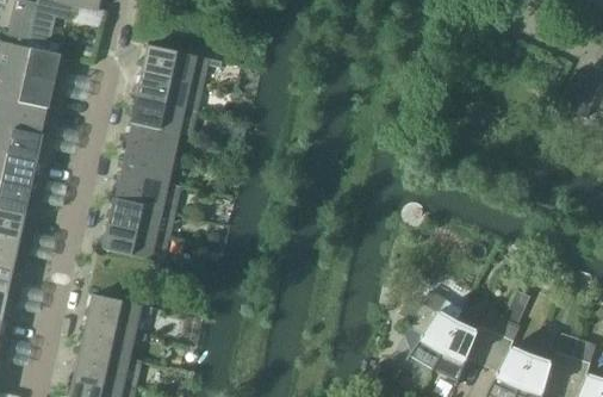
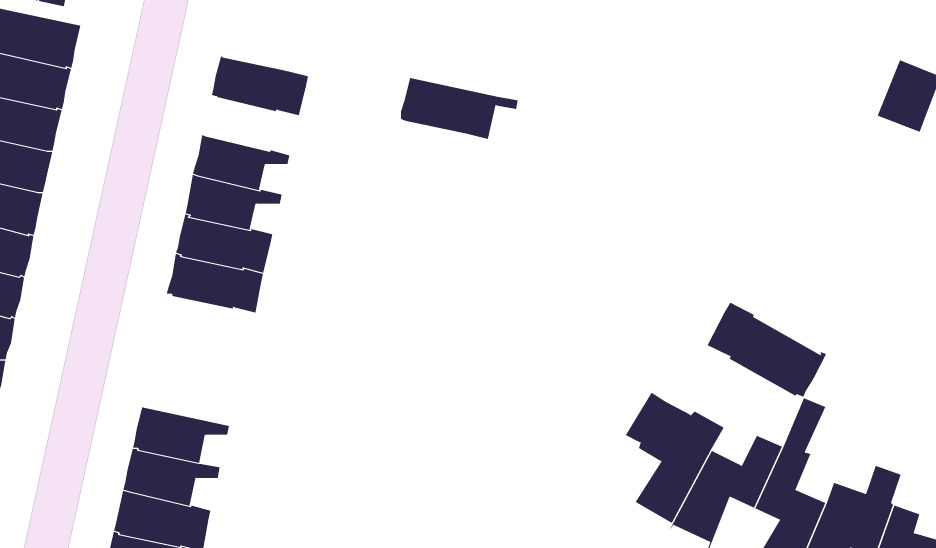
building: [145,45,220,85] -> [400,78,519,140]
building: [133,97,195,135] -> none
building: [105,223,168,261] -> none
building: none -> [707,302,827,398]

